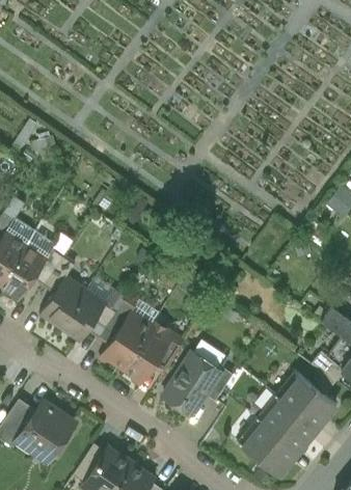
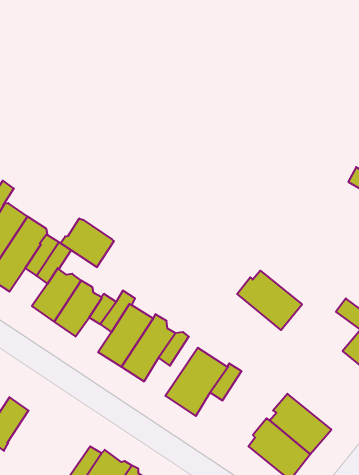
building: none -> [61,218,114,267]
building: [277,375,338,430] -> [237,271,302,330]
building: [18,404,75,463] -> none

